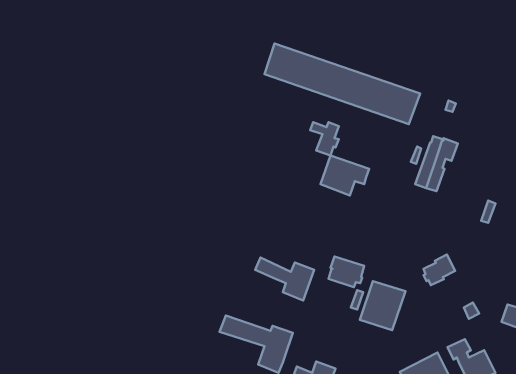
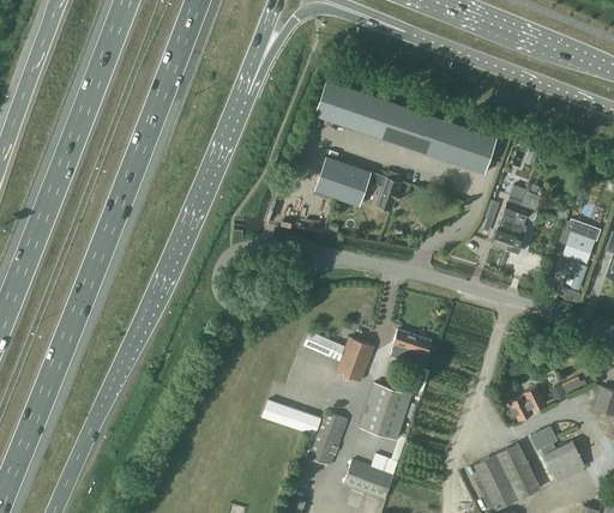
building: [320,156,369,195] -> [314,156,372,203]
building: none -> [559,219,600,261]
building: [424,255,455,285] -> [510,385,547,421]
building: [360,281,405,330] -> [359,382,413,440]

